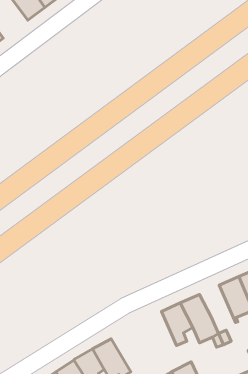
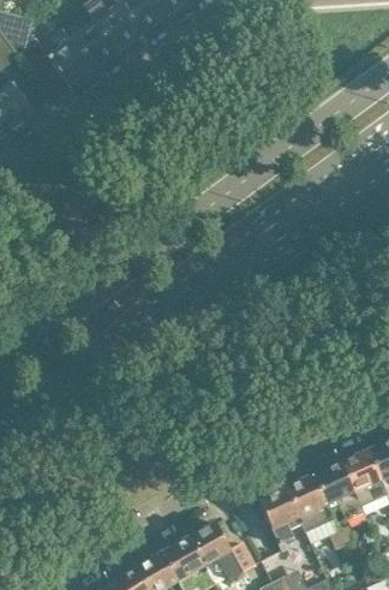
building: none -> [310,459,360,518]
building: none -> [185,519,240,577]

